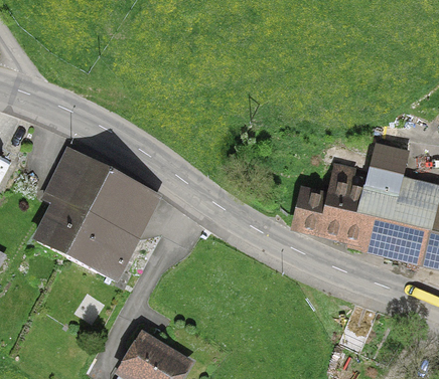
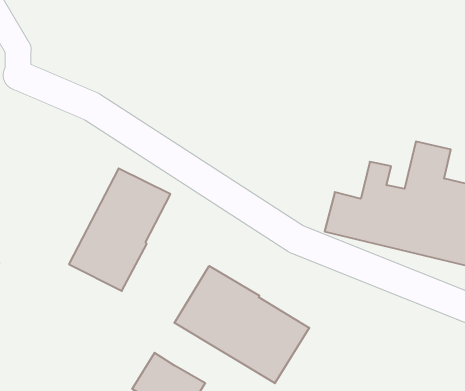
building: [36,148,110,255] -> none
building: none -> [174,266,309,383]

